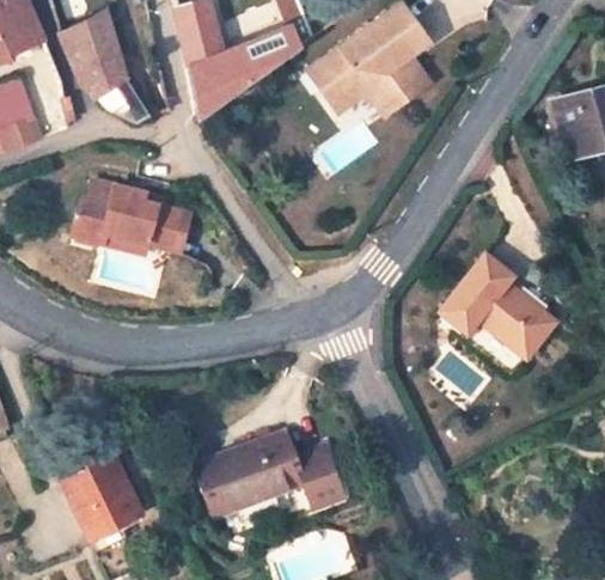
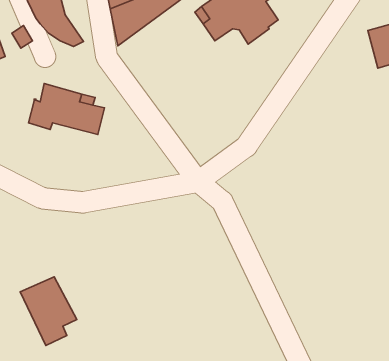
building: [442,254,557,358] -> none
building: [196,431,343,515] -> none

